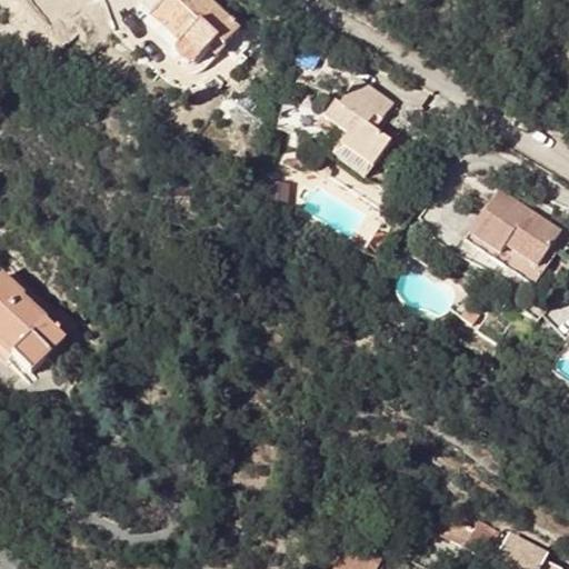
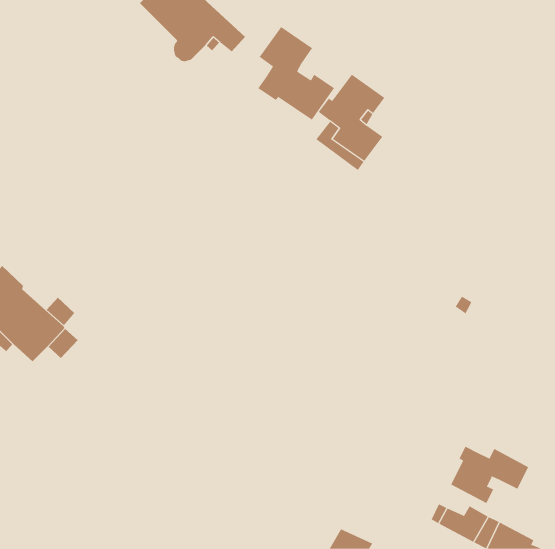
building: none -> [258,26,335,121]
building: [466,187,562,282] -> none
building: none -> [451,446,529,504]

